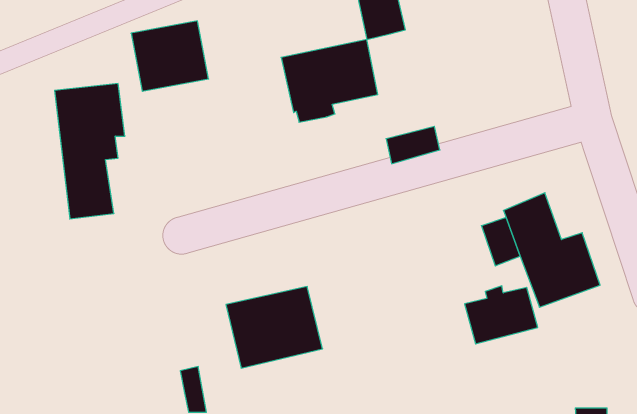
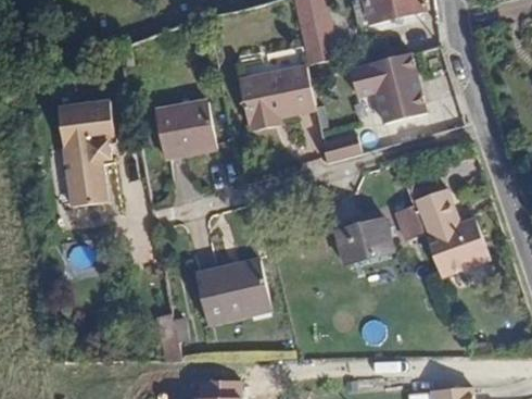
building: [131,21,209,91] -> [155,101,216,157]
building: none -> [351,52,426,122]
building: [465,286,538,344] -> [335,217,393,263]

